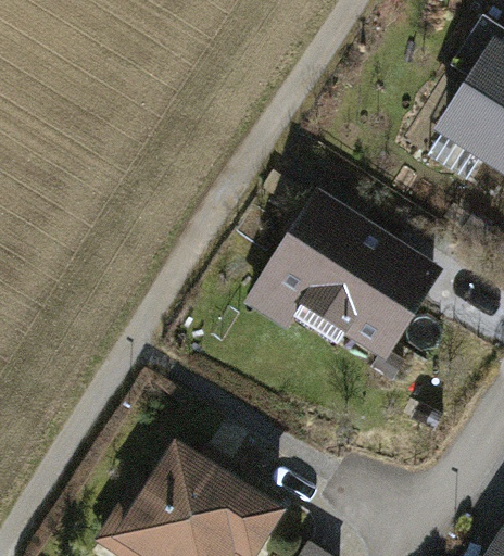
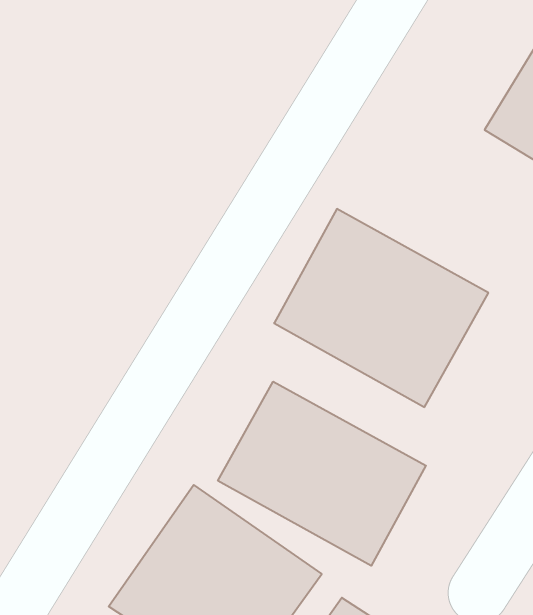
building: none -> [218,382,426,566]

